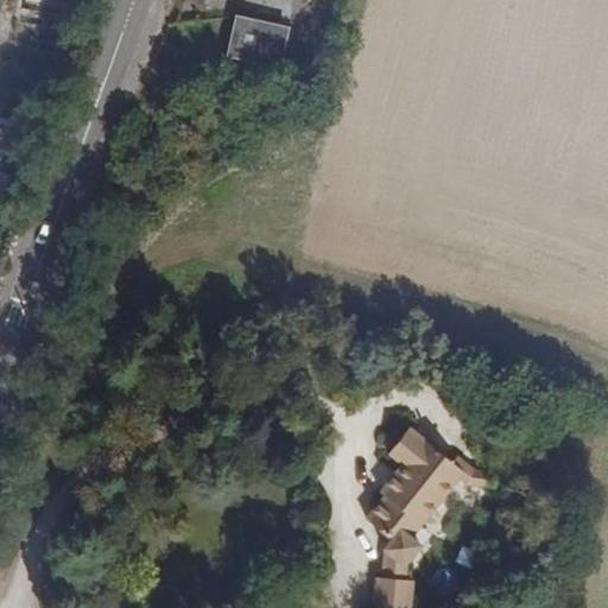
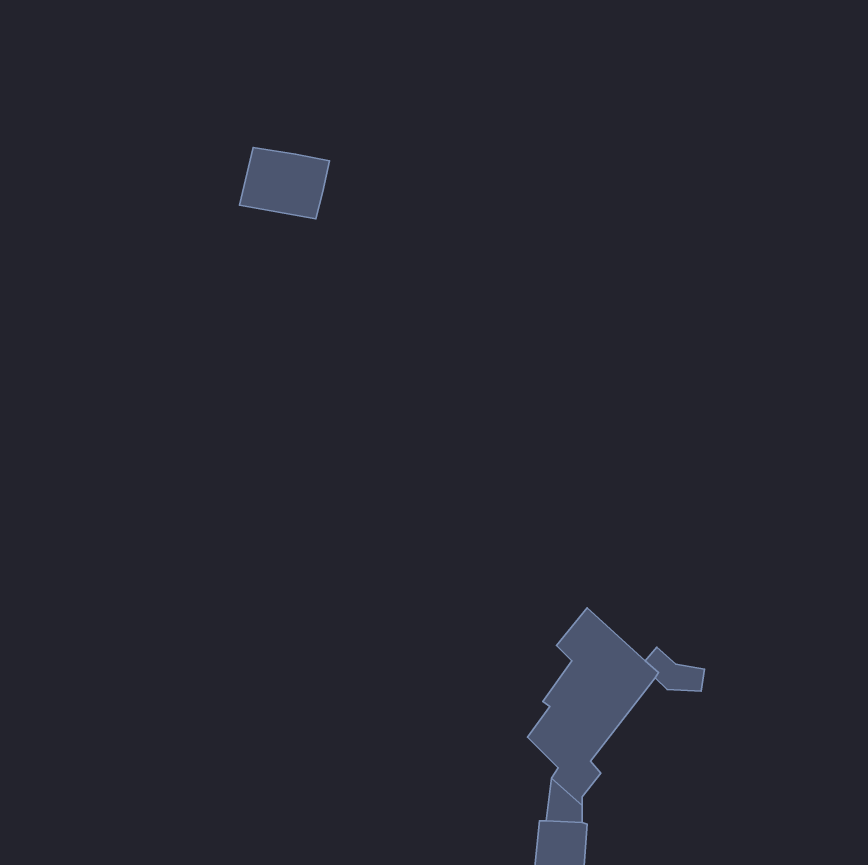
building: [224,18,287,68] -> [239,147,330,219]

